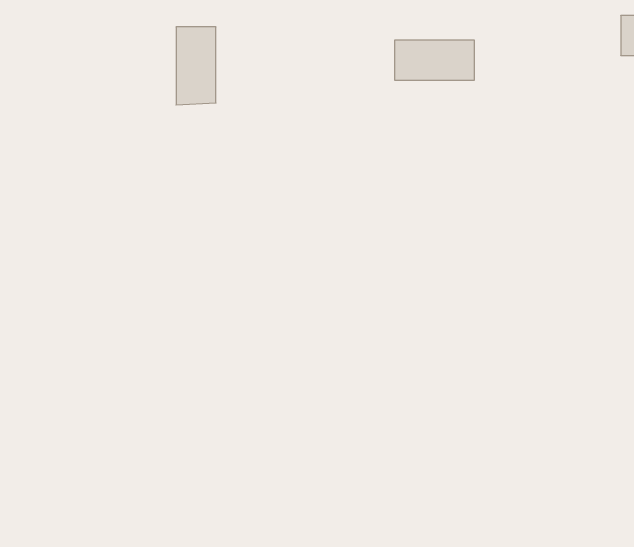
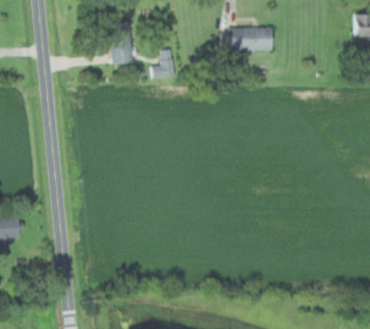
building: none -> [152,51,174,77]

